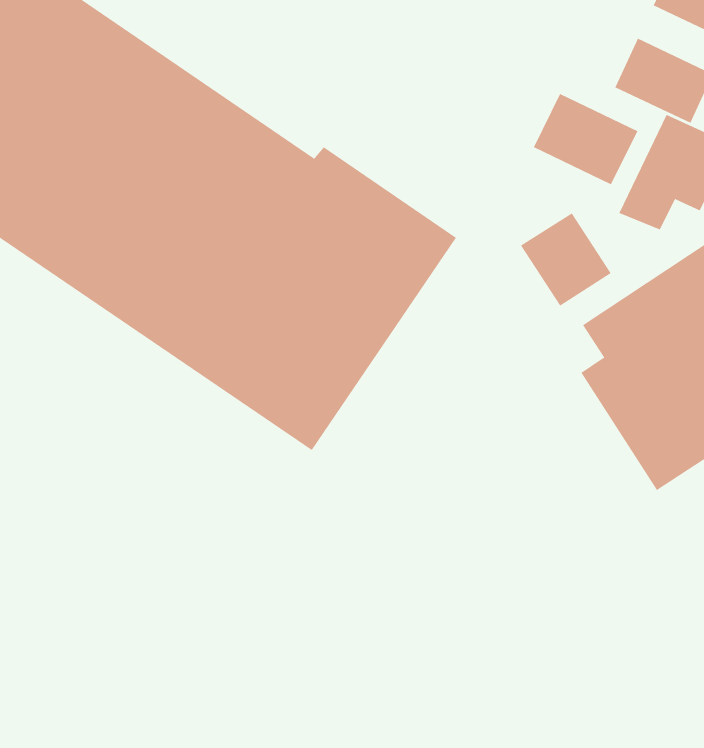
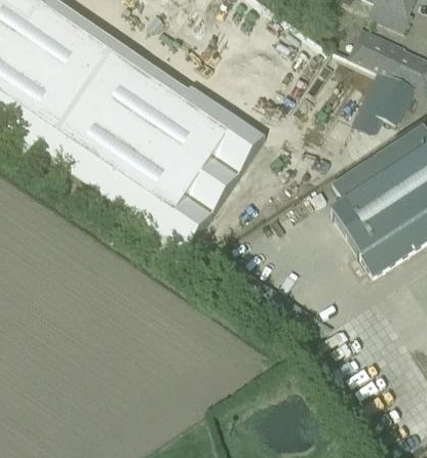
building: [533,93,638,185] -> none
building: [520,212,612,306] -> none

